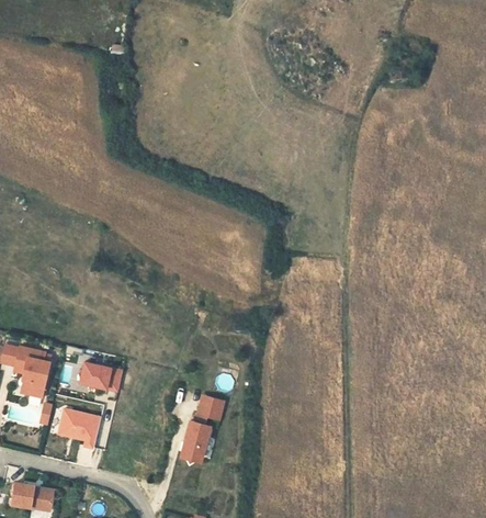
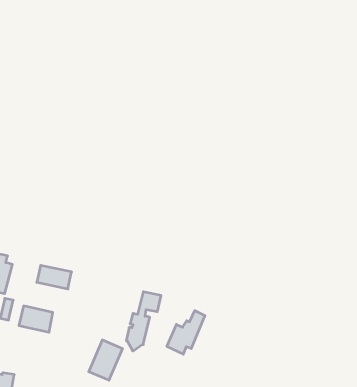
building: none -> [167,311,205,354]
building: none -> [89,340,122,380]

